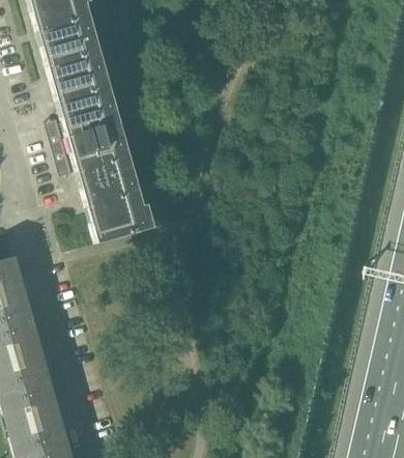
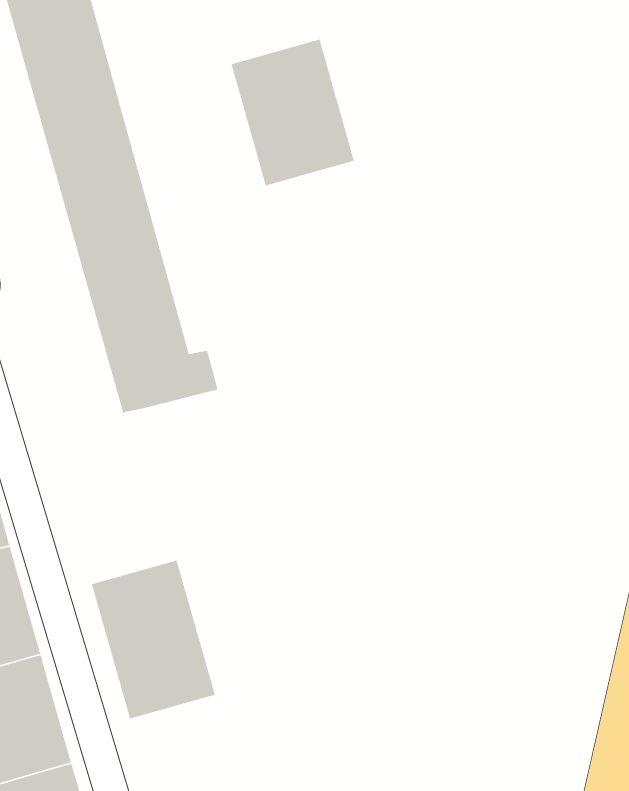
building: none -> [230,39,355,186]
building: none -> [91,559,216,719]

